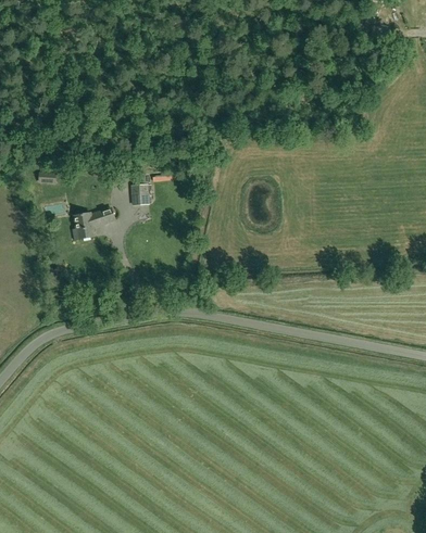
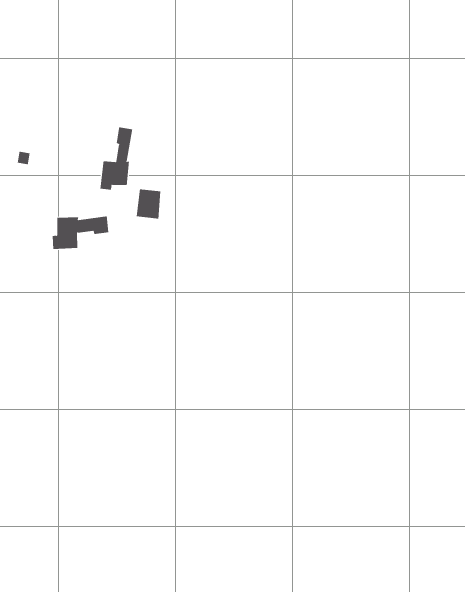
building: none -> [100,126,133,190]

